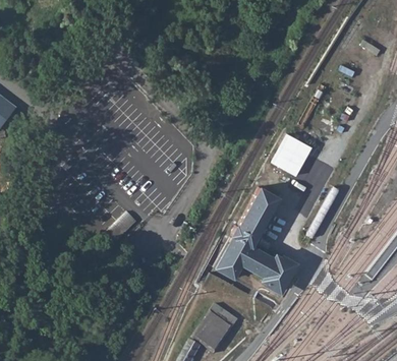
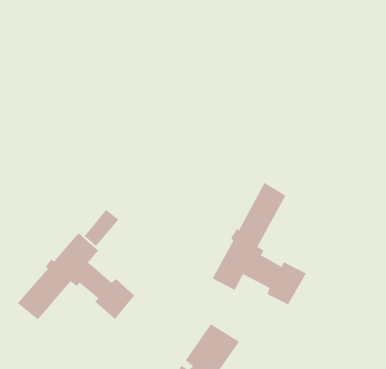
building: [272,132,320,181] -> none
building: none -> [17,233,135,320]

